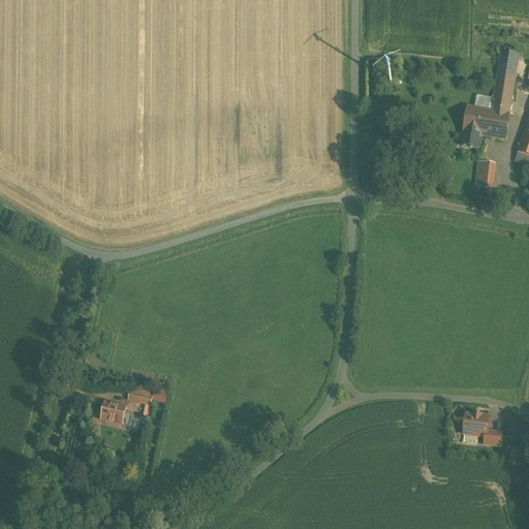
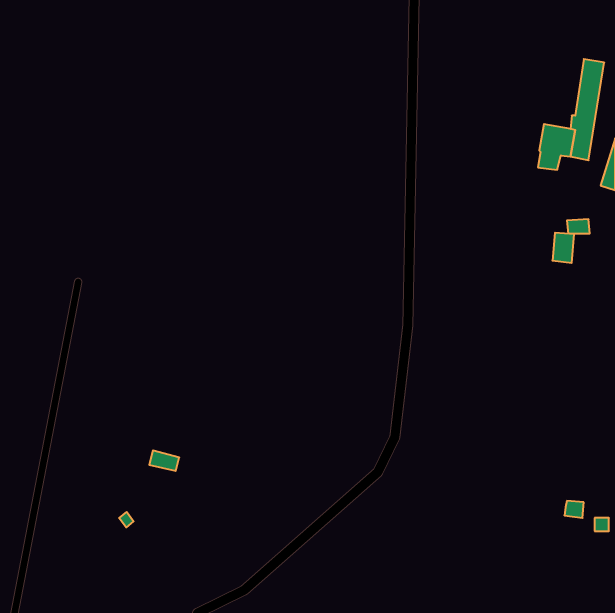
building: [476,161,495,187] -> [552,233,574,263]
building: [100,401,131,425] -> none
building: [463,412,489,435] -> none

